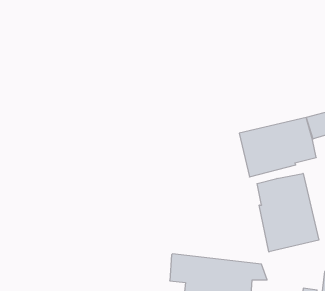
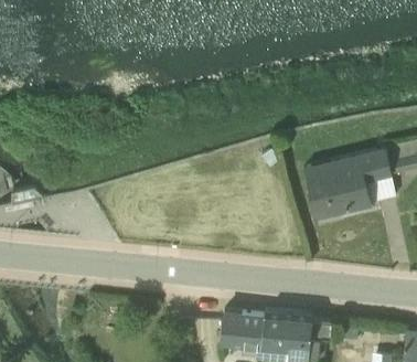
building: [257,173,319,252] -> none

